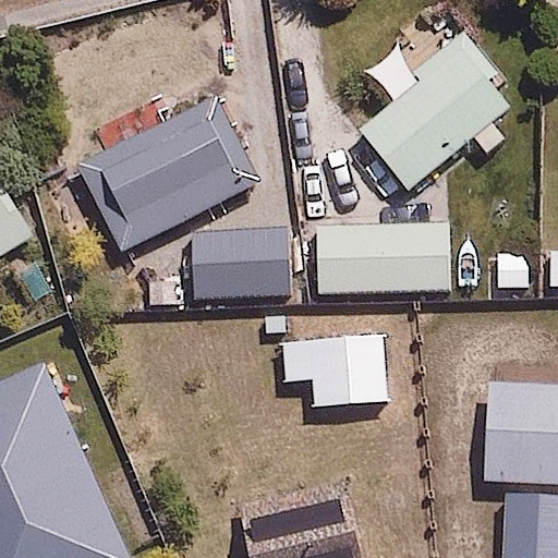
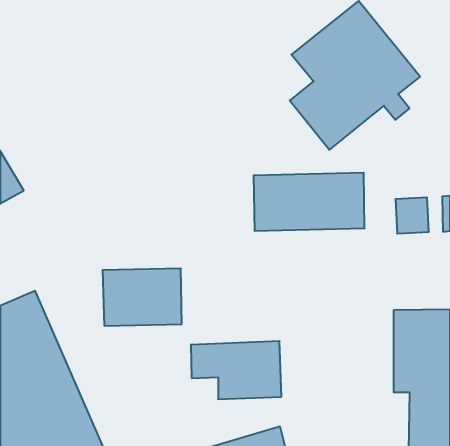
building: [77,97,256,252] -> none
building: [191,228,289,299] -> [102,269,182,326]
building: [278,337,390,409] -> [191,341,281,399]

